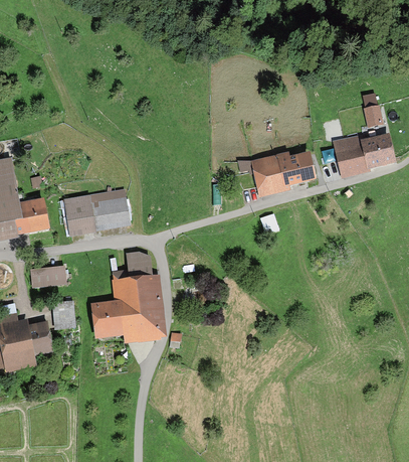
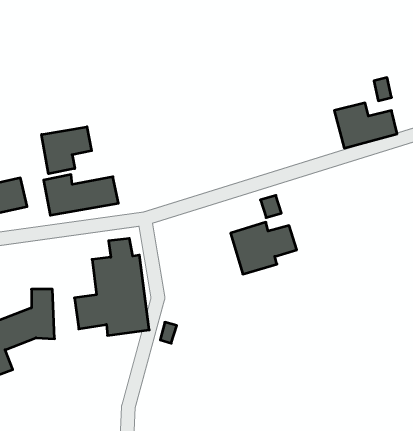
building: none -> [42,127,92,174]
building: [253,152,314,199] -> [231,222,297,274]
building: [32,269,64,287] -> none

